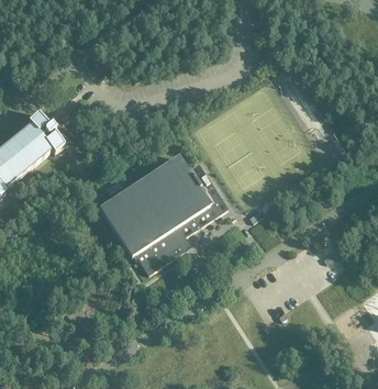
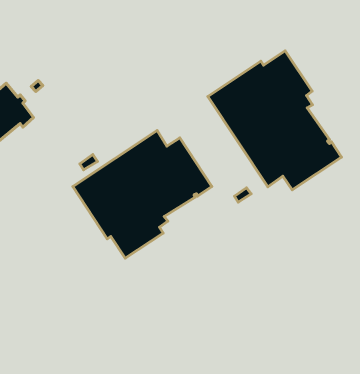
building: none -> [208,51,341,190]

